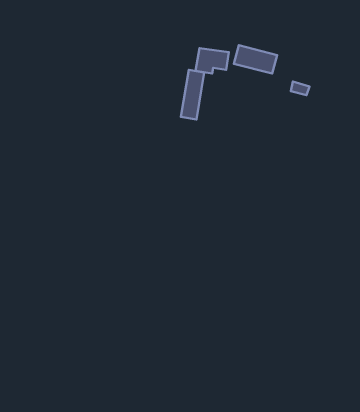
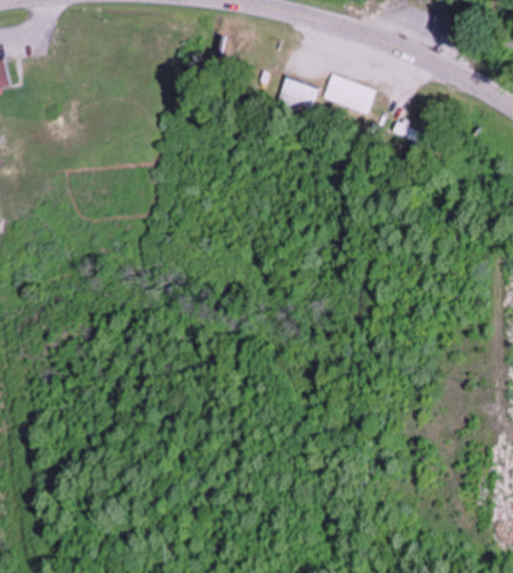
building: [181,70,204,119] -> none

